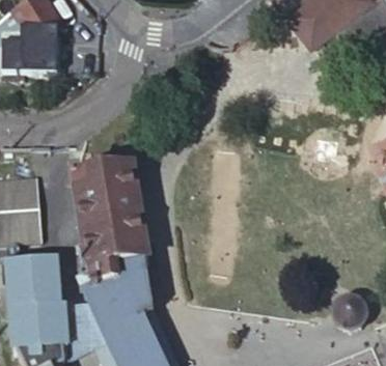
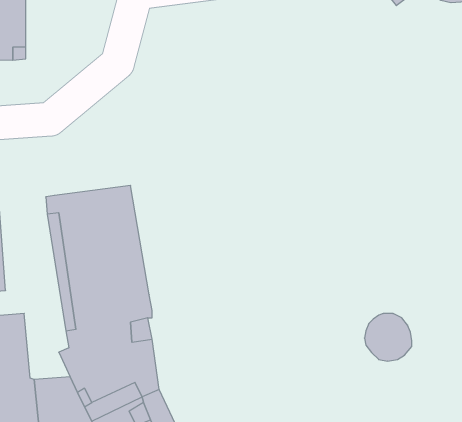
building: [330,294,364,329] -> [364,314,412,361]

